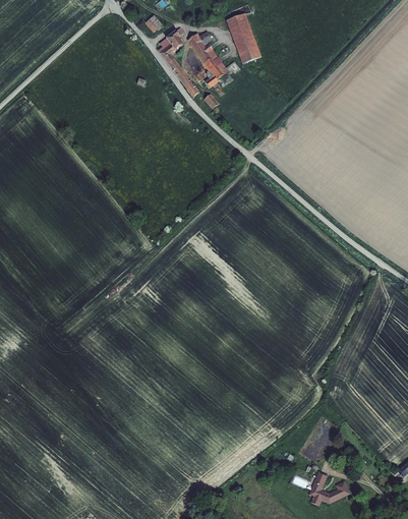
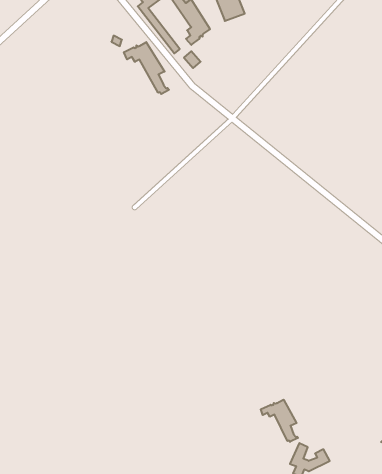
building: none -> [124,42,169,94]
building: none -> [261,400,298,442]

